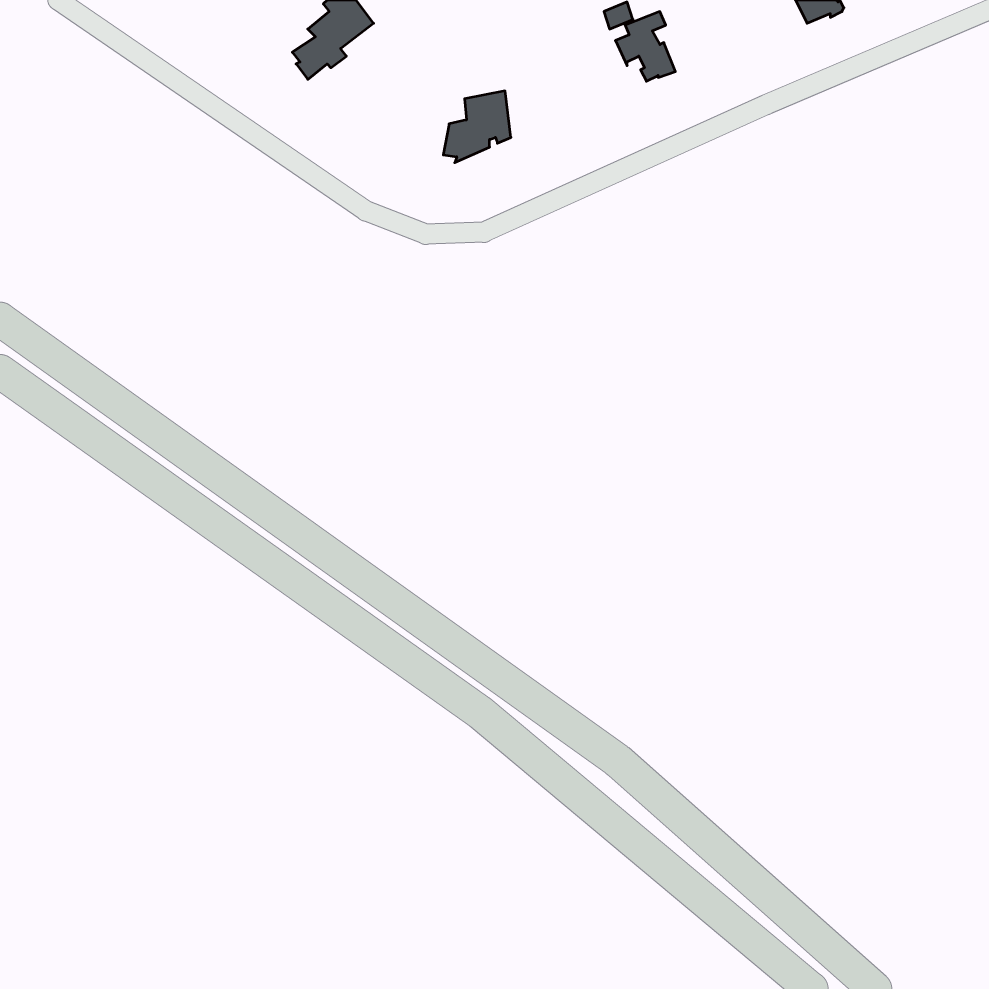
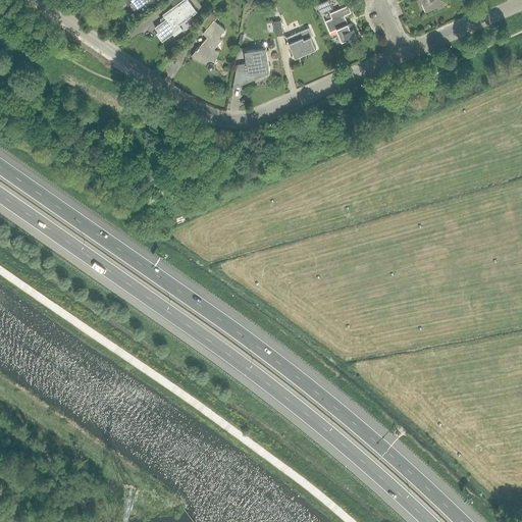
building: none -> [192,13,225,72]
building: none -> [273,21,316,58]

